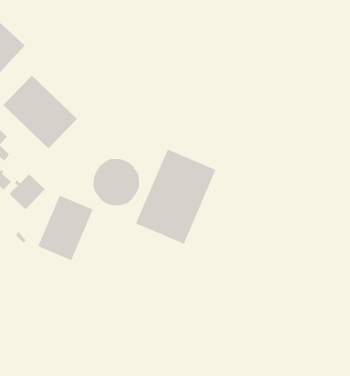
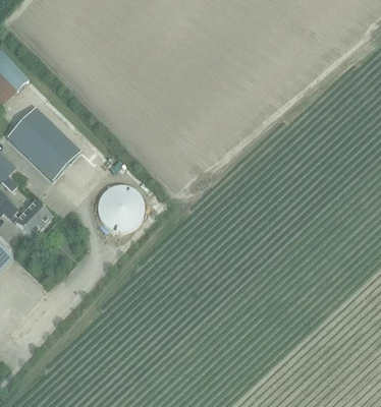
building: [135,149,216,244] -> none
building: [38,195,93,261] -> none

